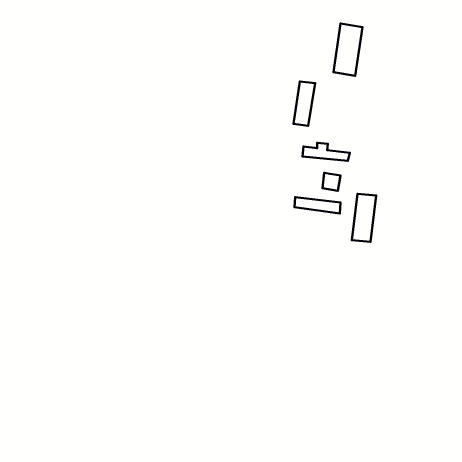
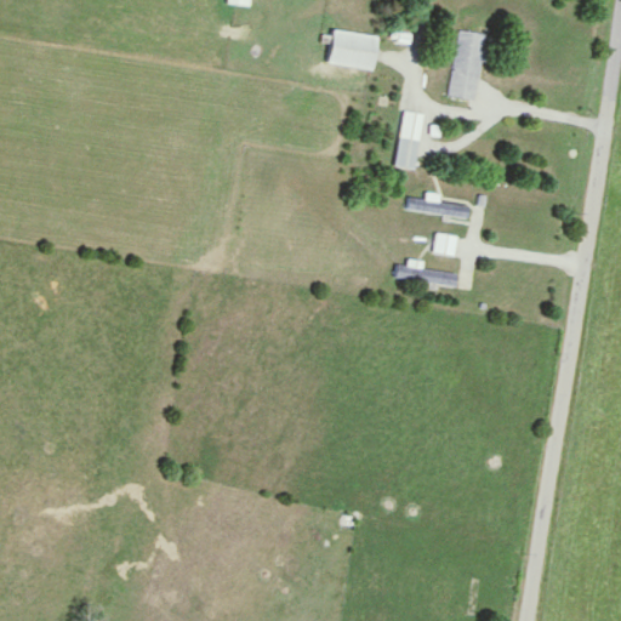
building: none -> [327,33,376,70]
building: [352,194,376,242] -> none

